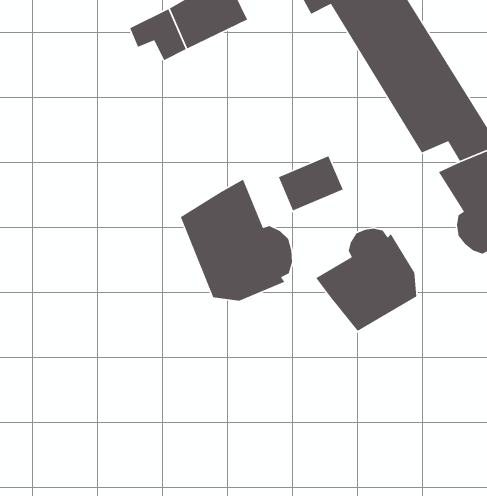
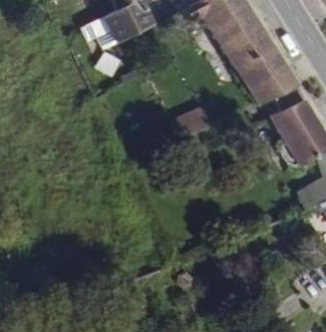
building: [180,179,293,302] -> none
building: [315,228,417,332] -> none

